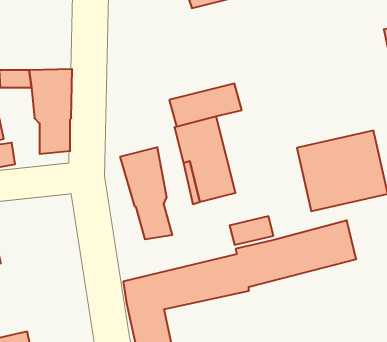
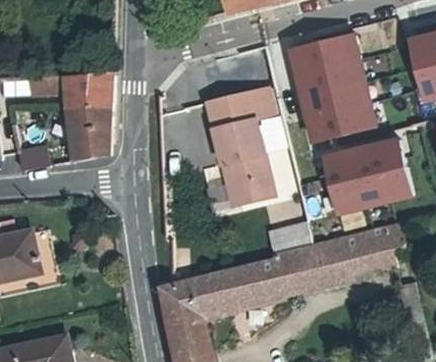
building: none -> [294,32,385,145]
building: [120,147,172,239] -> none

